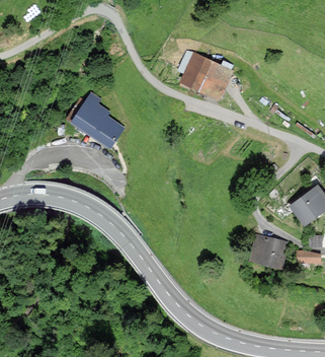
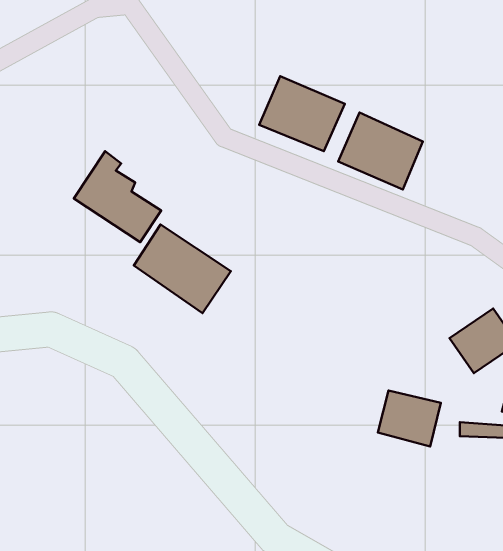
building: none -> [338,112,423,189]
building: none -> [134,224,231,313]

